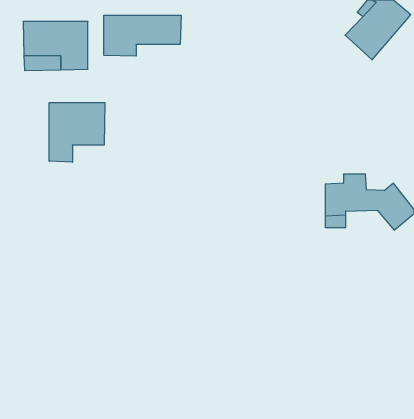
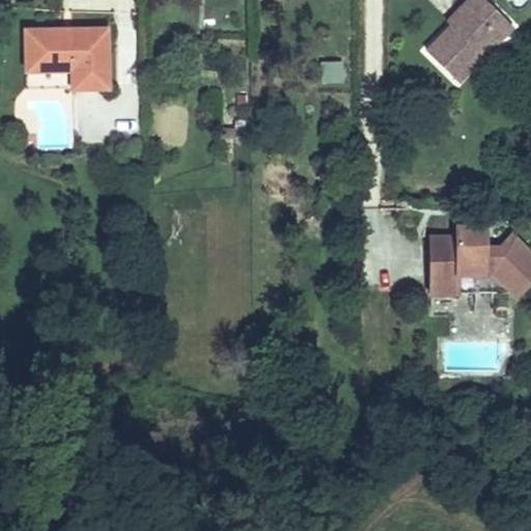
building: [104,15,181,56] -> none
building: [49,103,105,162] -> none

